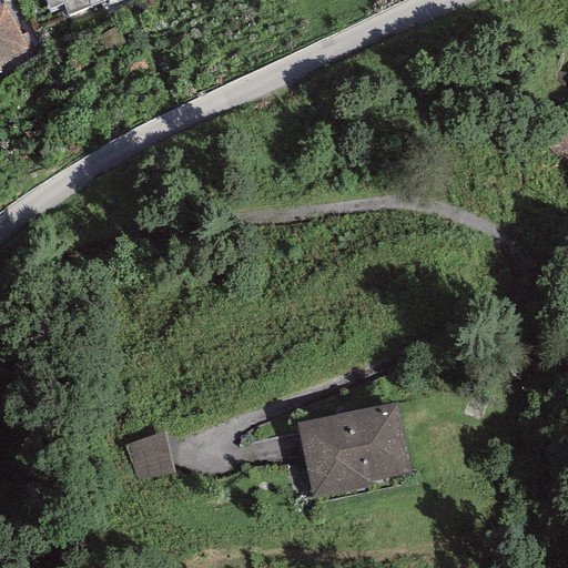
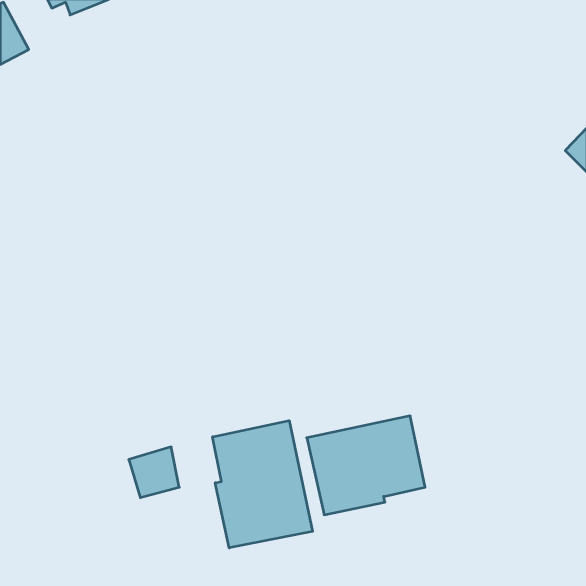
building: none -> [213,421,313,548]

